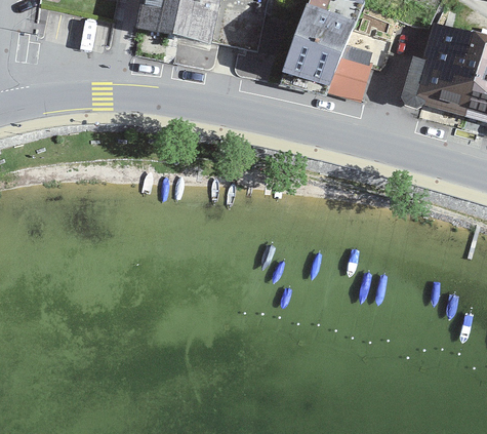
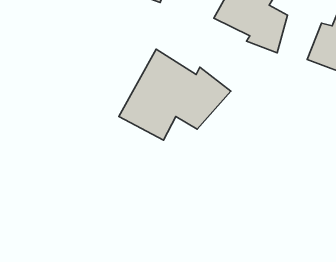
building: none -> [119,49,231,140]

